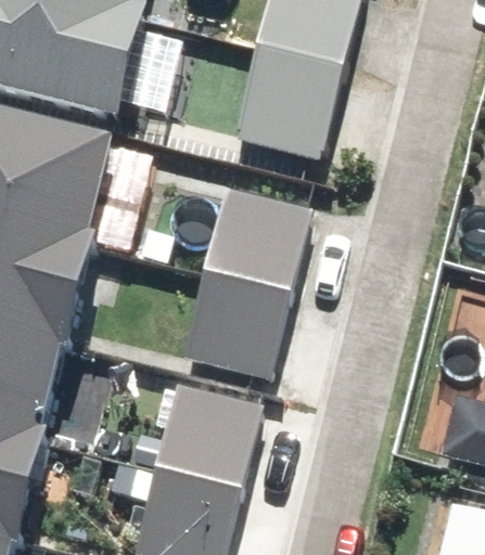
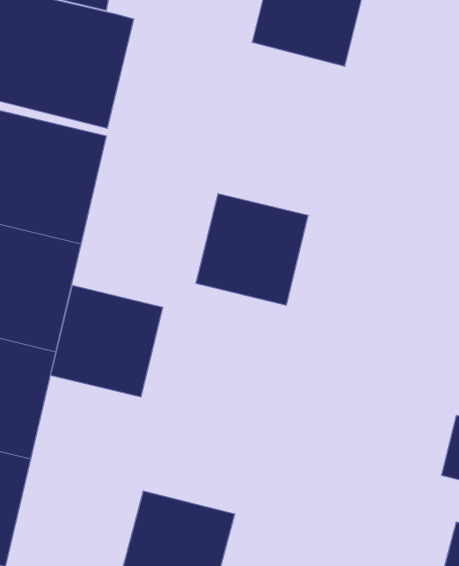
building: [233,44,345,158] -> none
building: [183,272,290,377] -> [51,286,163,397]
building: [154,384,261,490] -> none

